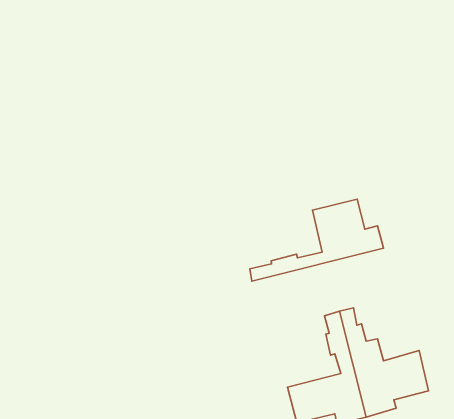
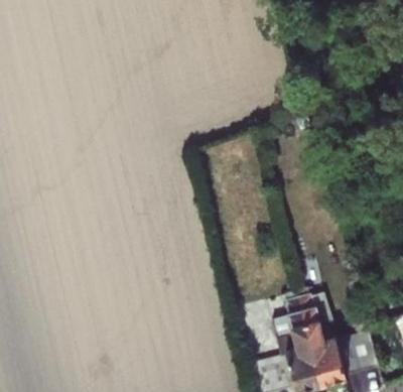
building: [250,199,384,281] -> none

